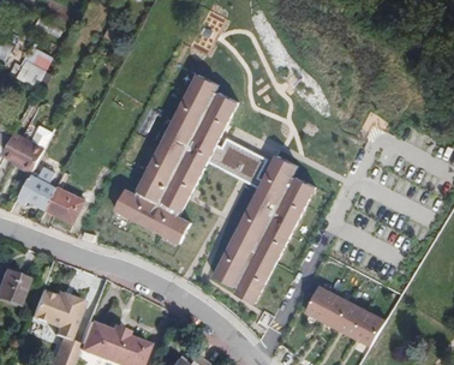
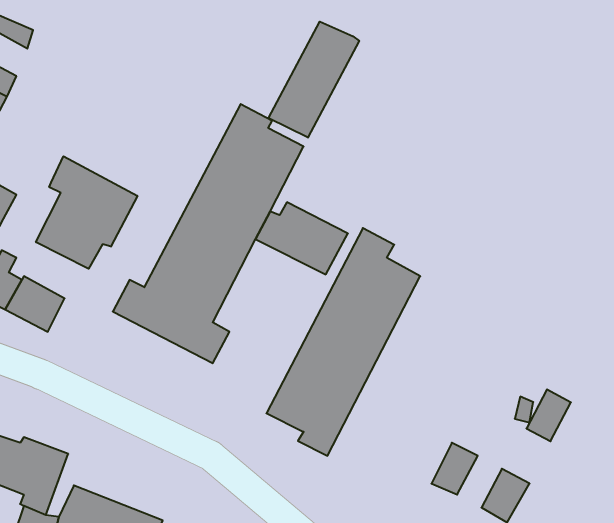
building: none -> [268,22,359,138]
building: none -> [36,156,137,269]
building: [306,287,335,321] -> none
building: [339,303,368,336] -> [526,389,571,441]

